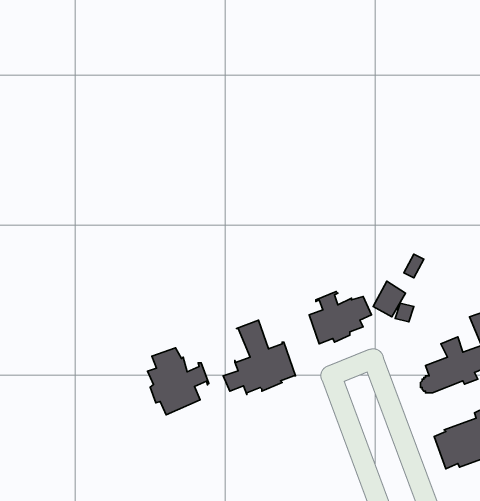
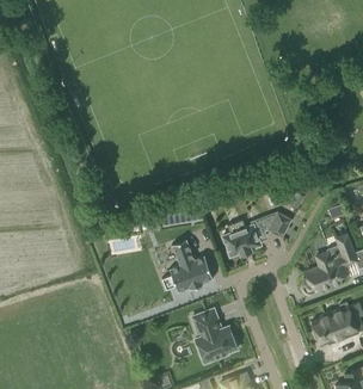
building: [148,348,209,415] -> none
building: none -> [192,309,239,360]

